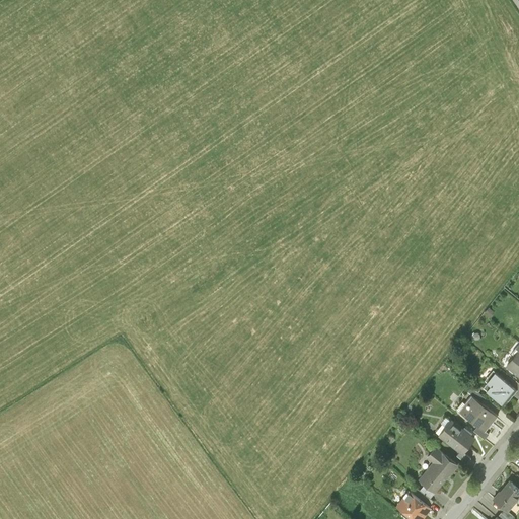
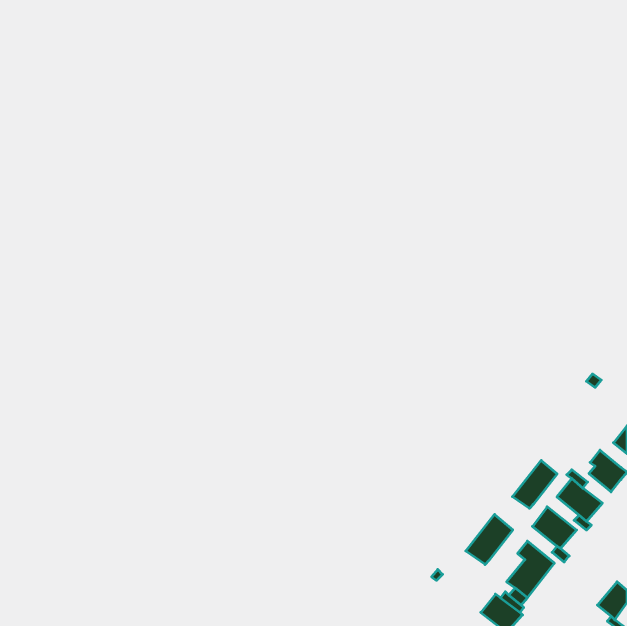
building: none -> [512,460,557,508]
building: none -> [466,514,513,565]

